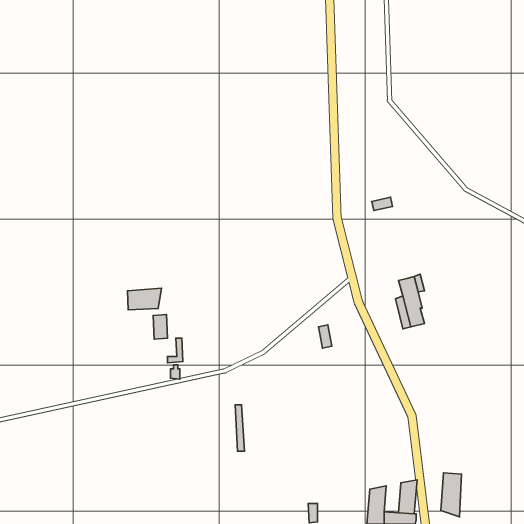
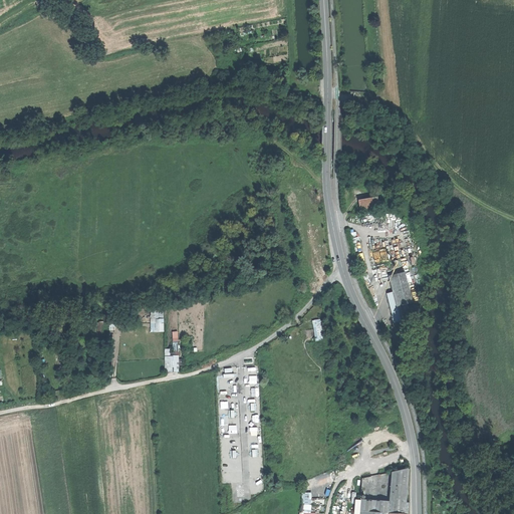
building: [127,288,162,310] -> none
building: [441,473,462,517] -> none

